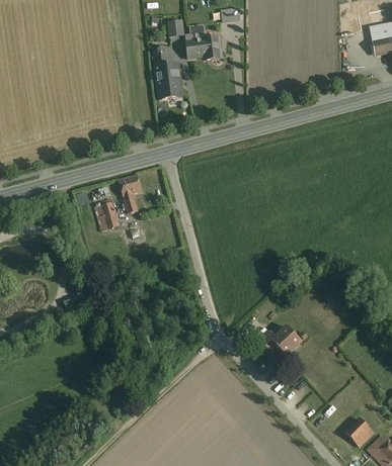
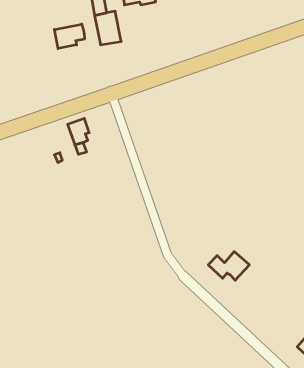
building: none -> [54,24,84,49]

